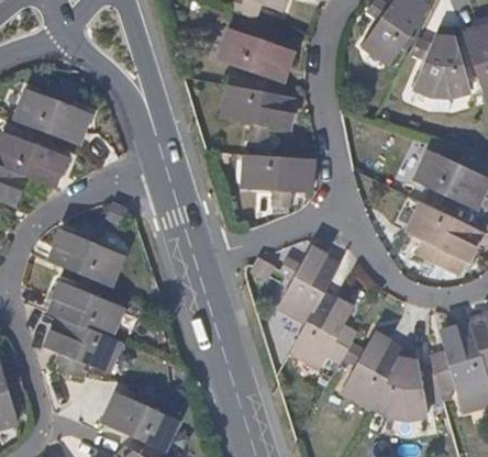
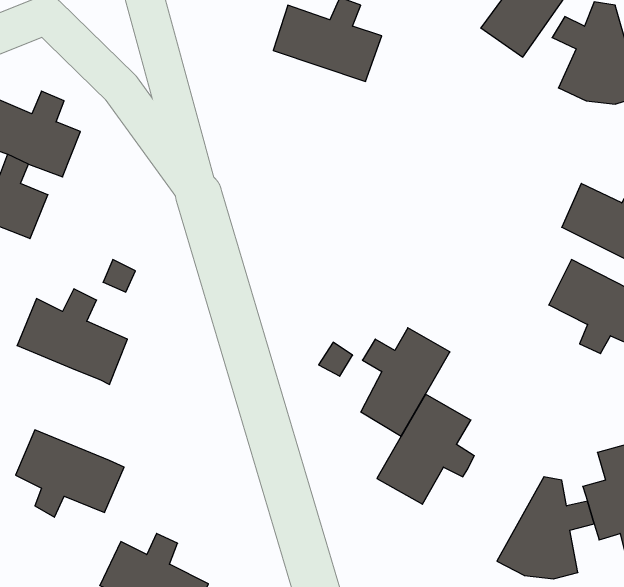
building: [223,86,293,142] -> none
building: [242,154,310,207] -> none
building: [48,277,122,338] -> none
building: [341,334,403,409] -> none

